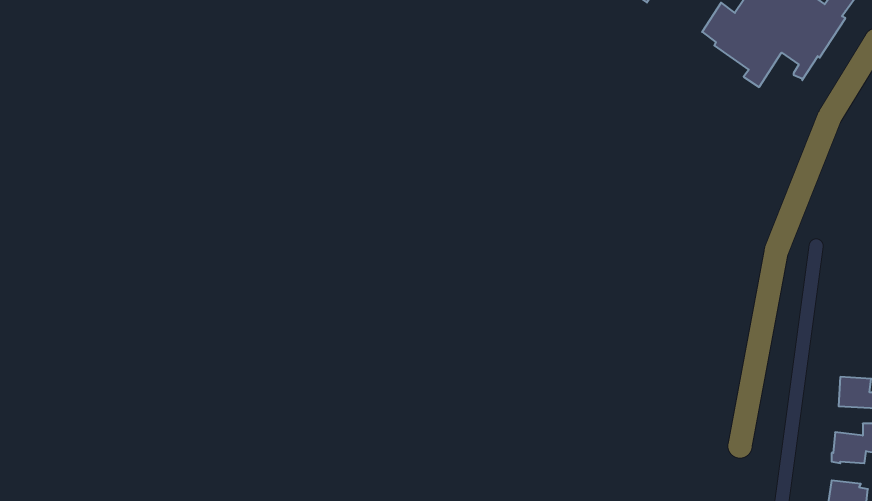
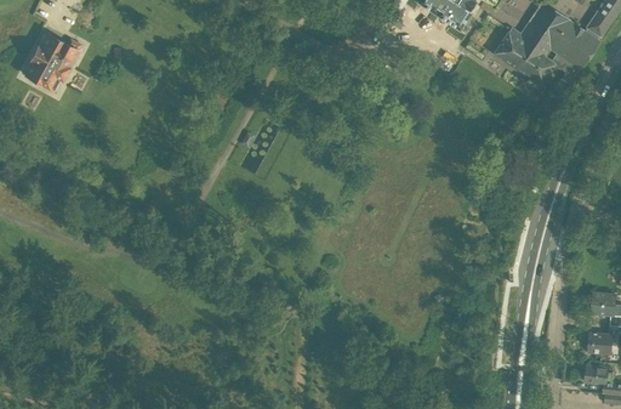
building: none -> [24,33,82,90]

